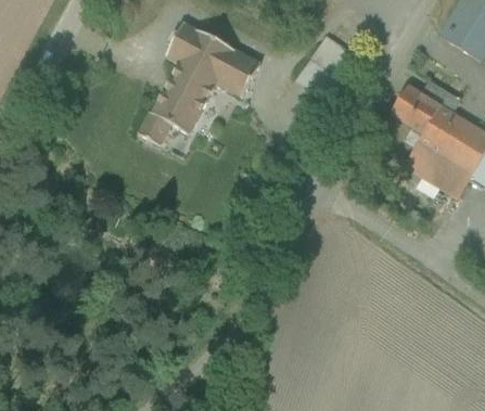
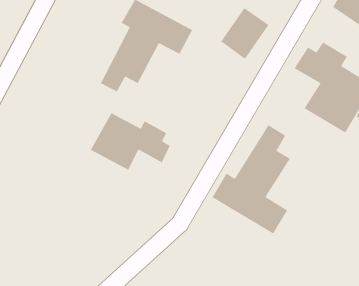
building: none -> [90,112,171,171]
building: none -> [212,124,291,235]

